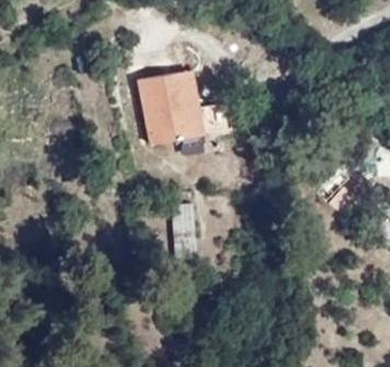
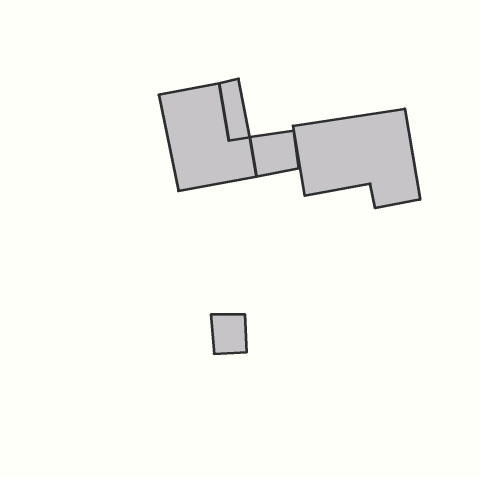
building: none -> [293,109,420,208]

